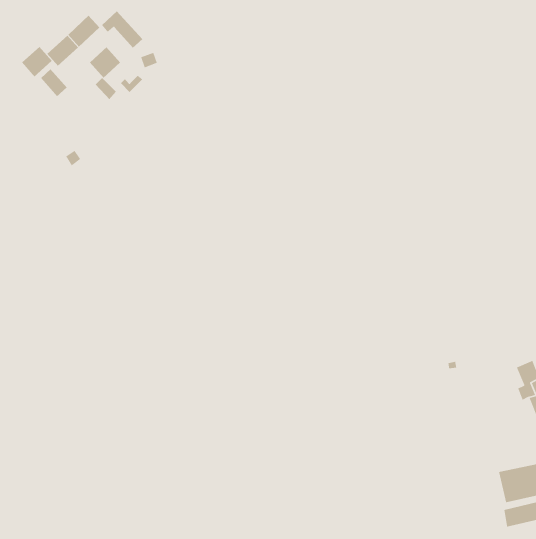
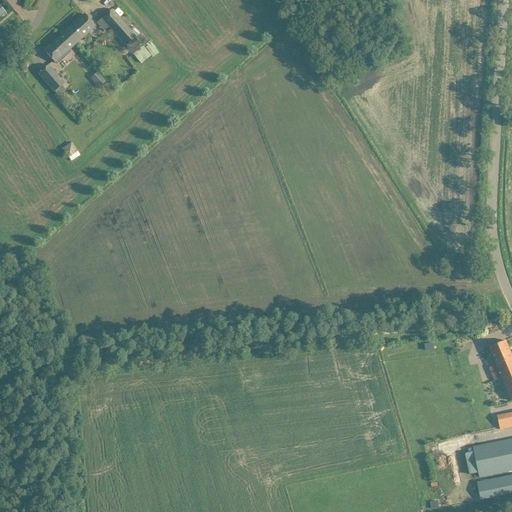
building: [21,46,53,77] -> none
building: [89,47,121,78] -> none

